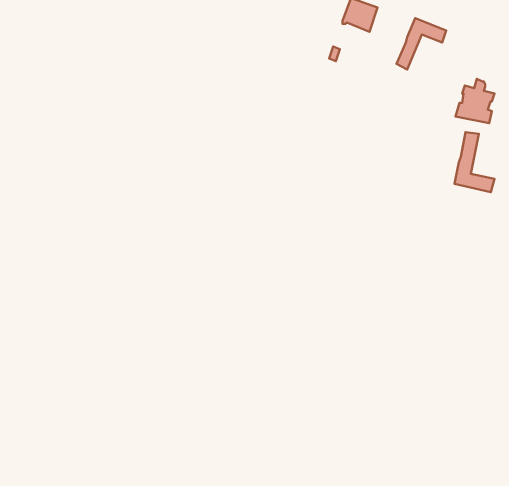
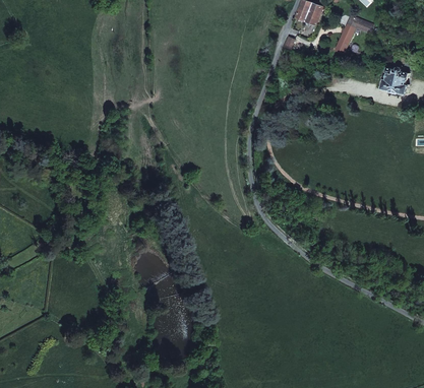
building: [455,132,494,192] -> none

